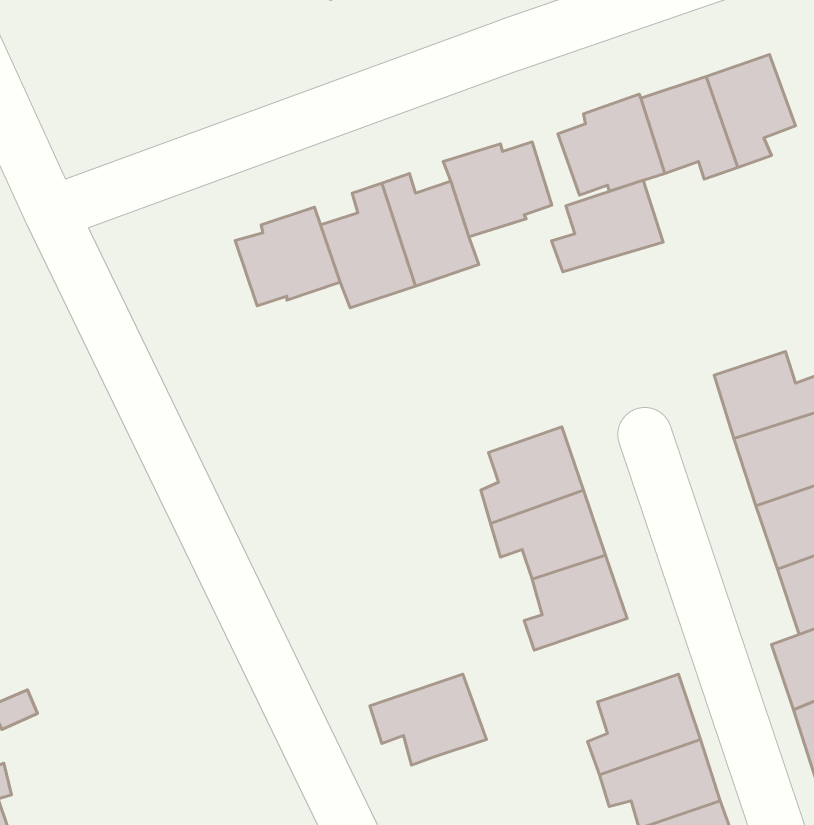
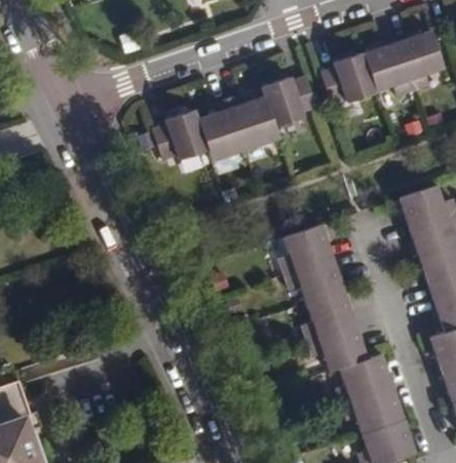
building: [551,180,663,272] -> none
building: [370,674,487,765] -> [308,323,369,371]

